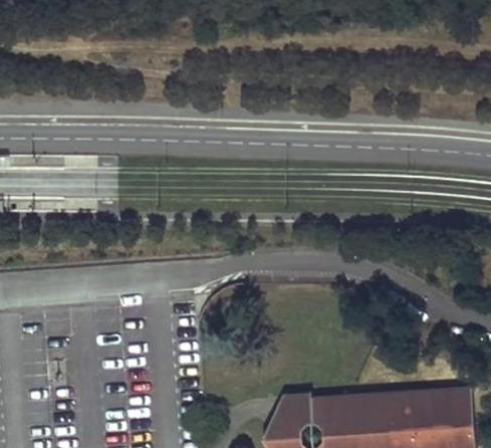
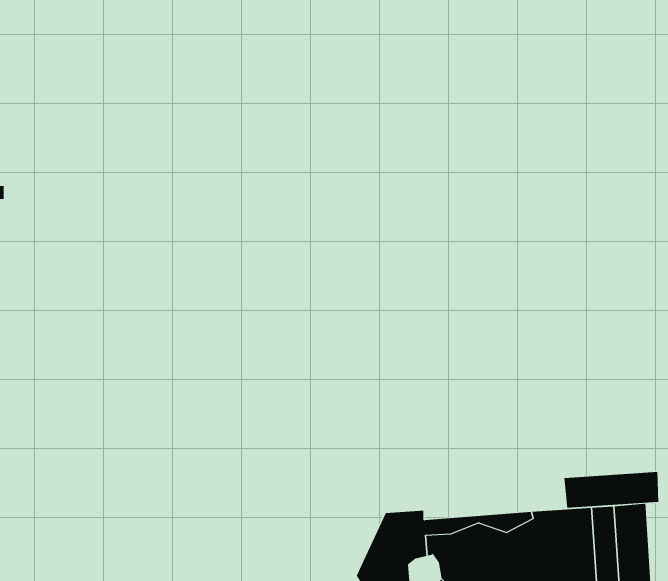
building: none -> [564,471,659,508]

